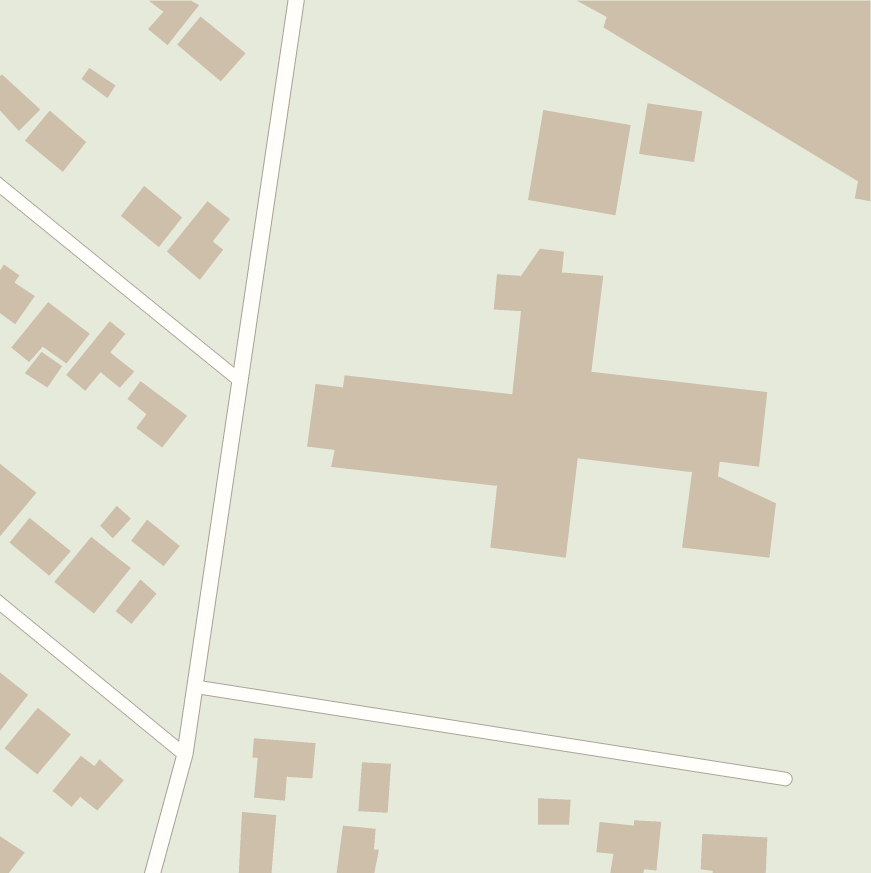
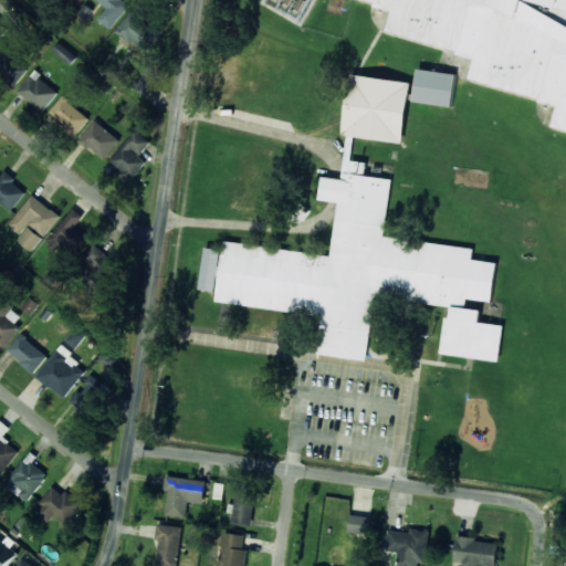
building: none -> [46,97,88,135]
building: [130,519,181,567] -> none

